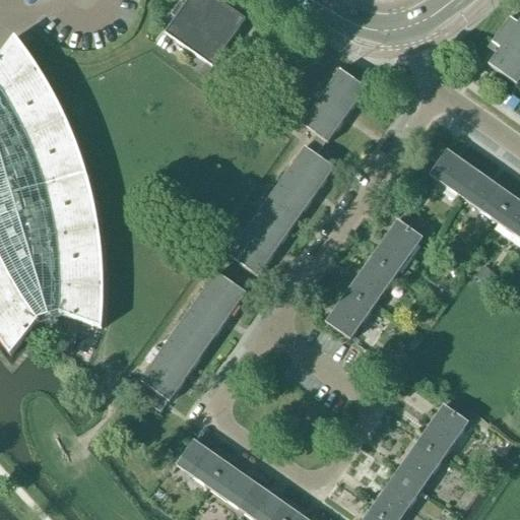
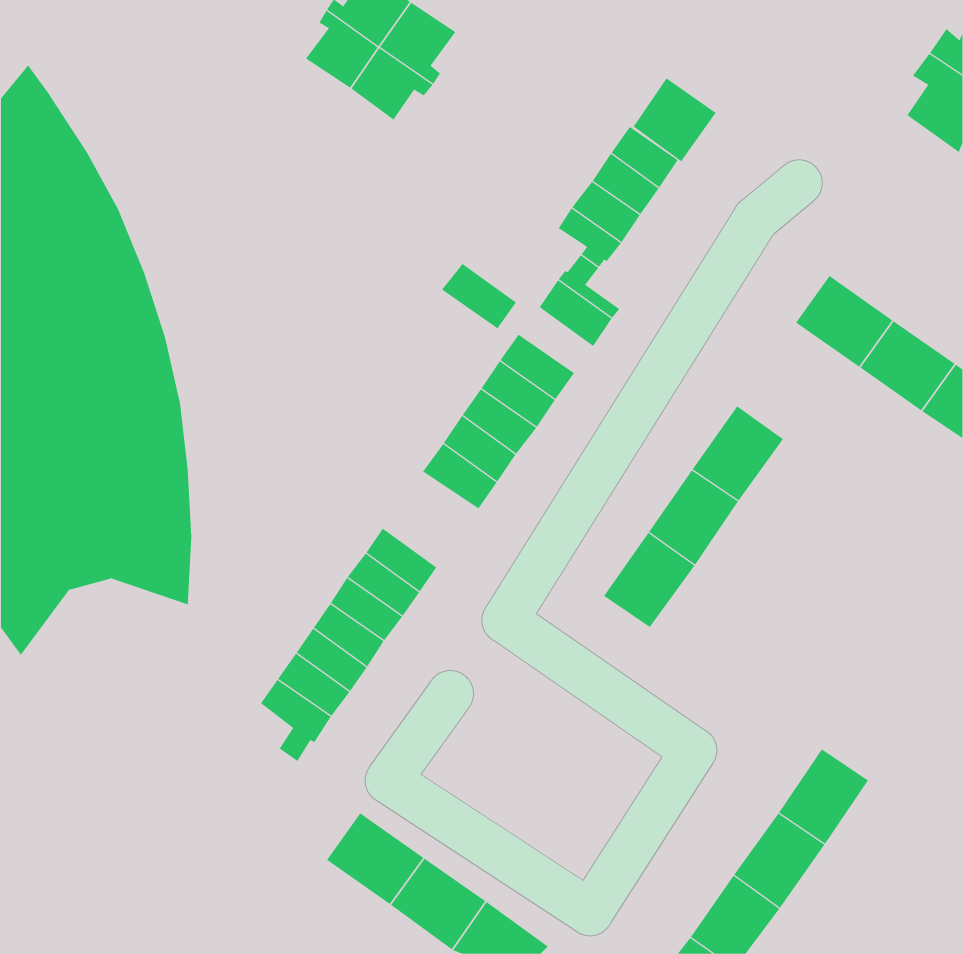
building: none -> [633,77,716,162]
building: [279,166,320,201] -> [441,263,517,329]
building: [206,270,246,306] -> none

